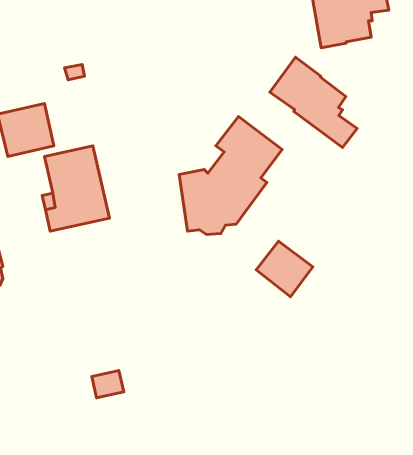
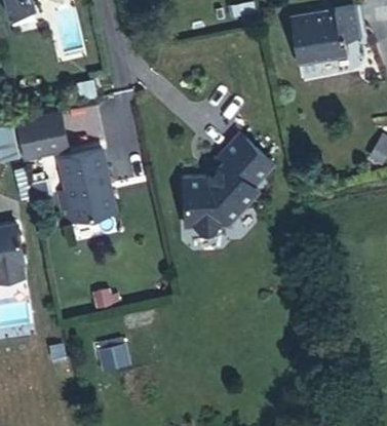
building: [270,57,357,147] -> none
building: [256,241,313,297] -> none

